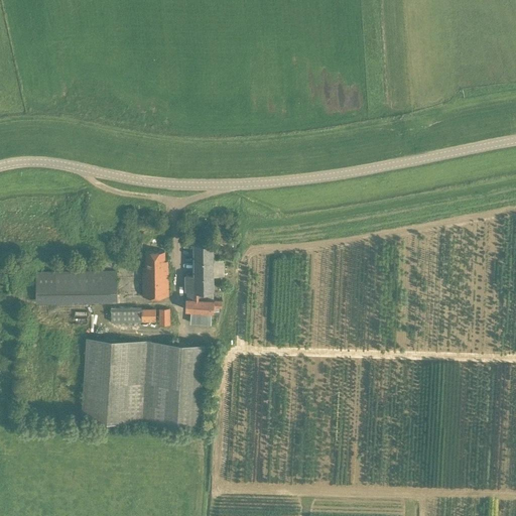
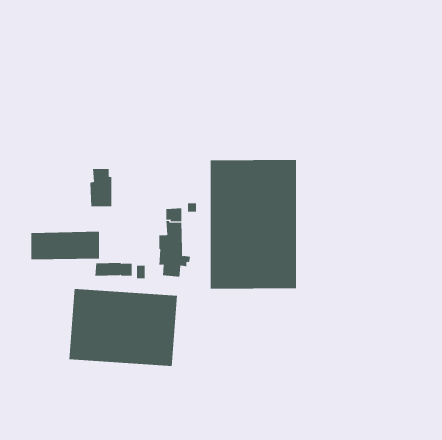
building: none -> [210,159,297,290]
building: [141,254,167,298] -> [90,169,112,207]

